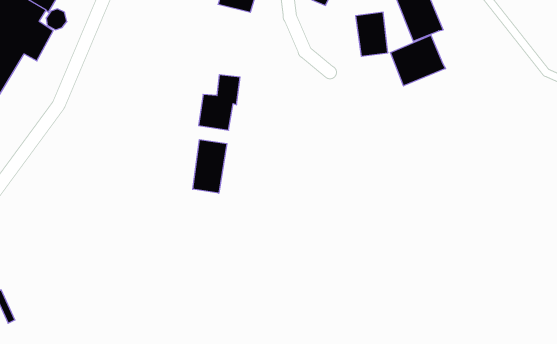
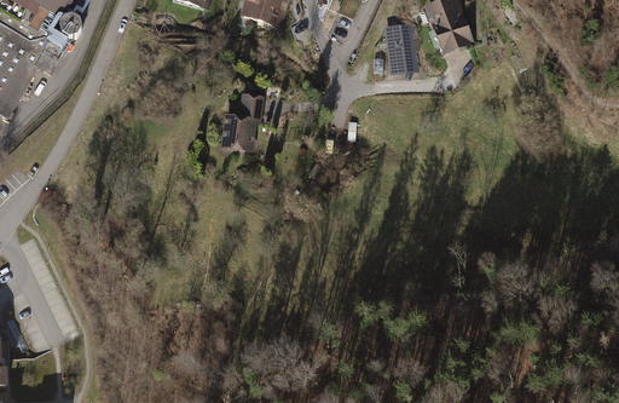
building: [390,35,446,86] -> none
building: [193,140,227,193] -> none

